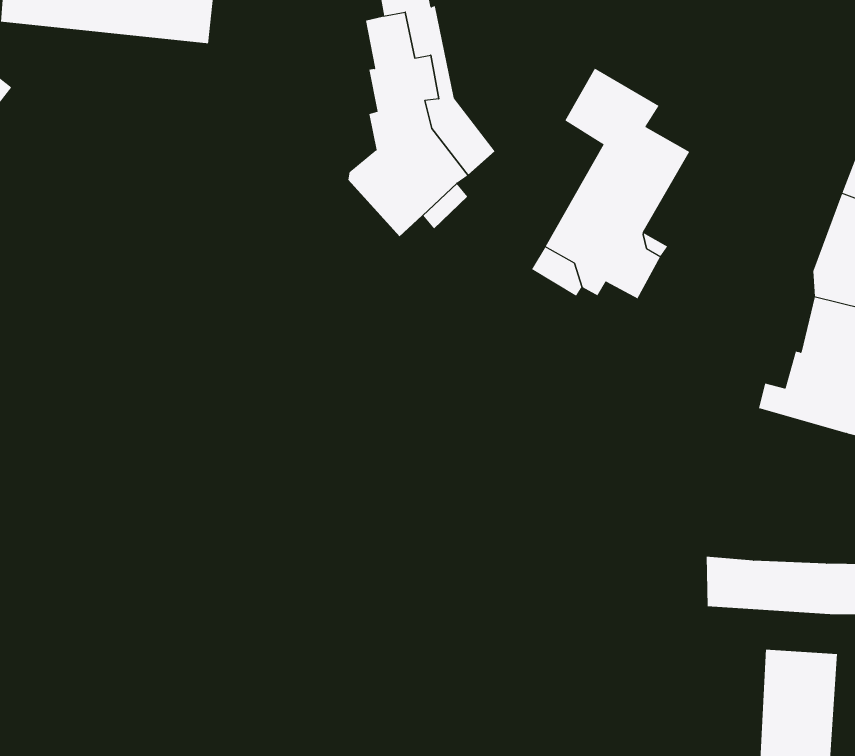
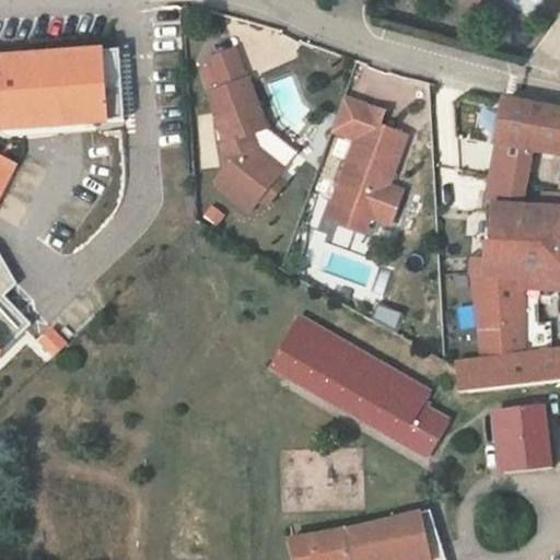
building: none -> [470,273,523,360]
building: none -> [269,316,448,454]

